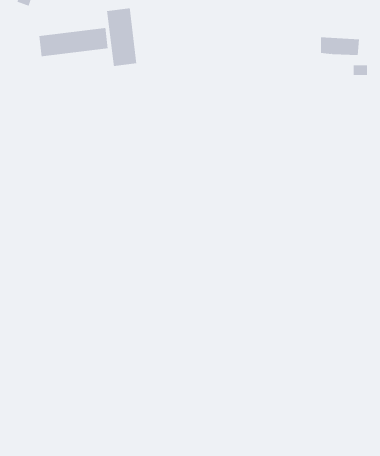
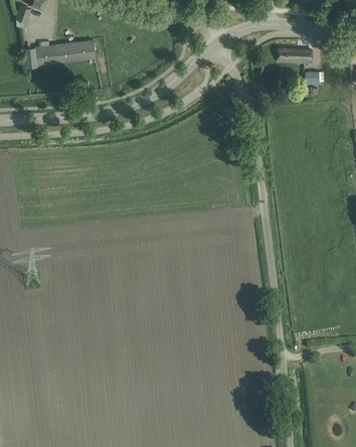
building: [107,8,137,67] -> none

